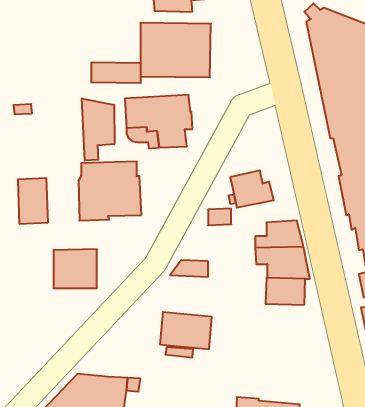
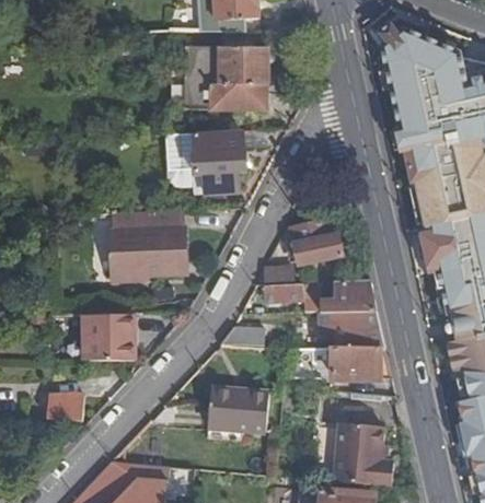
building: [91,62,141,83] -> none
building: [82,98,114,161] -> none
building: [18,178,48,224] -> none
building: none -> [266,282,322,312]
building: none -> [49,387,84,422]
building: none -> [336,422,395,487]

